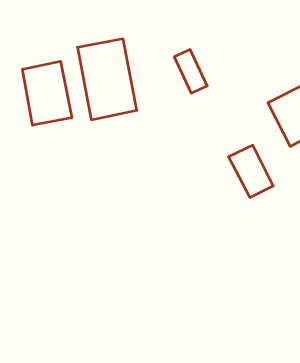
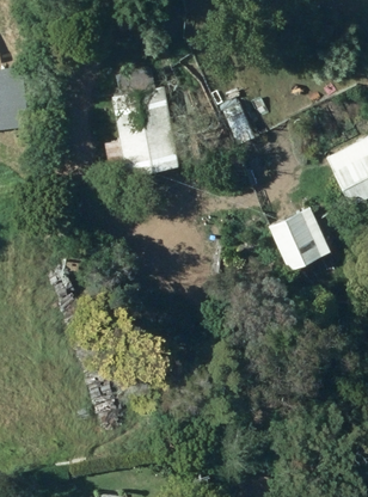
building: [23,61,72,125] -> none

